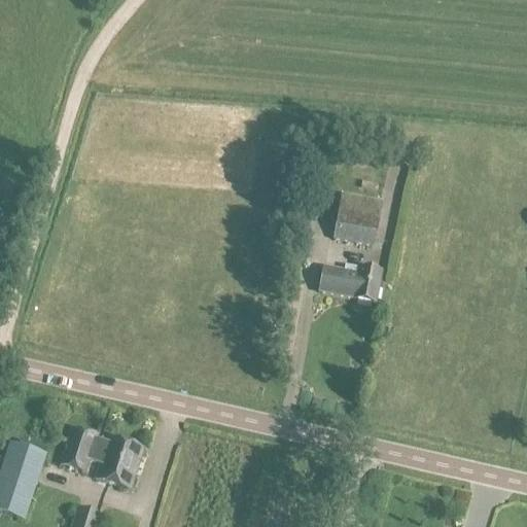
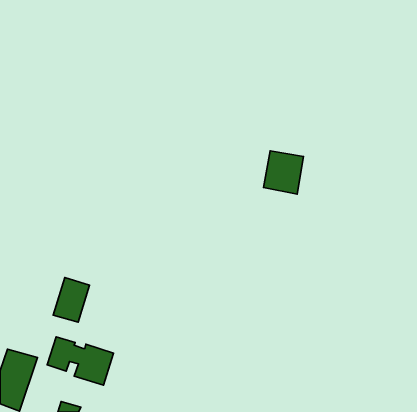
building: [319,262,382,300] -> none
building: none -> [53,278,89,322]

